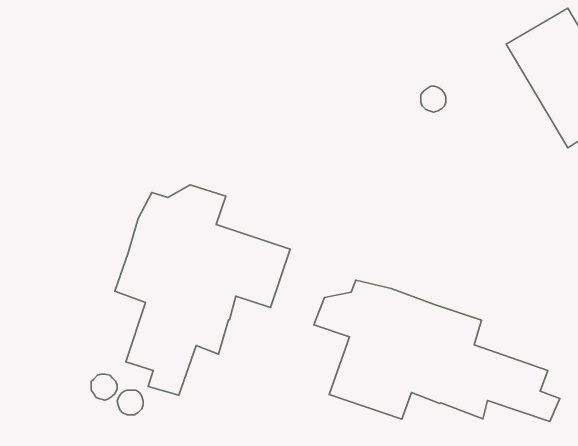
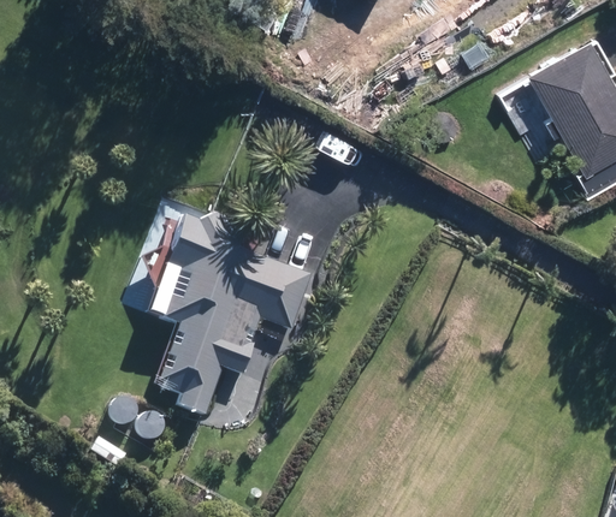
building: [314,280,560,421] -> none

